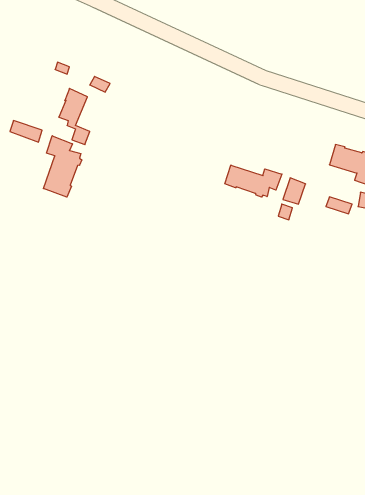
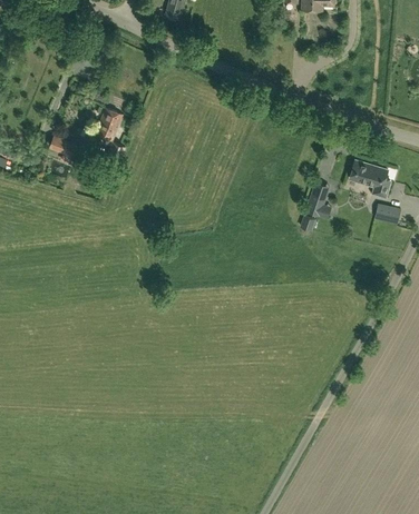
building: [43,136,82,197] -> none
building: [225,165,282,197] -> none

